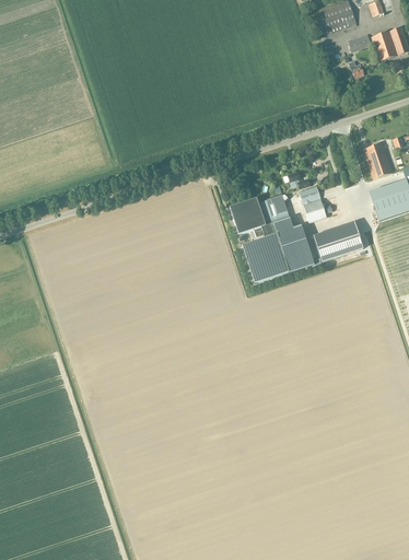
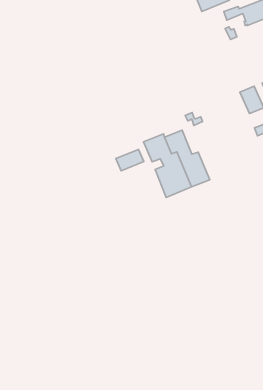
building: [300,186,327,223] -> none
building: none -> [116,149,144,171]
building: [314,221,364,261] -> none

